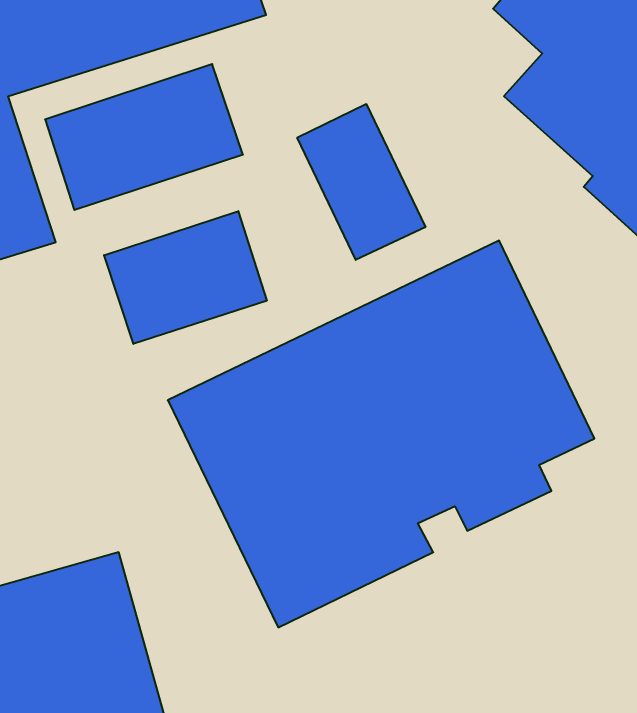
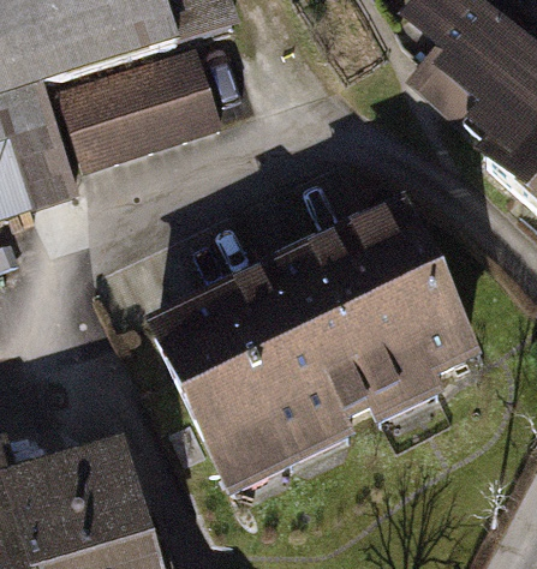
building: [297,104,425,260] -> none
building: [104,211,267,344] -> none

